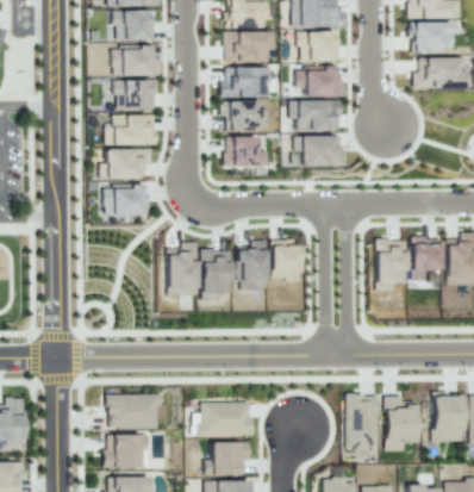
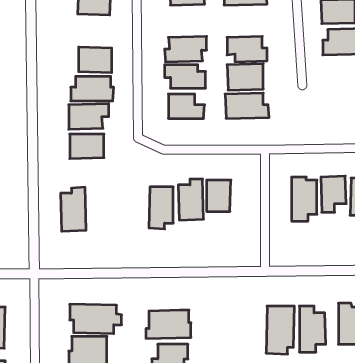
building: [225,31,277,62] -> none
building: [299,31,338,62] -> none
building: [112,46,162,76] -> none
building: [168,242,199,295] -> [61,187,86,231]

